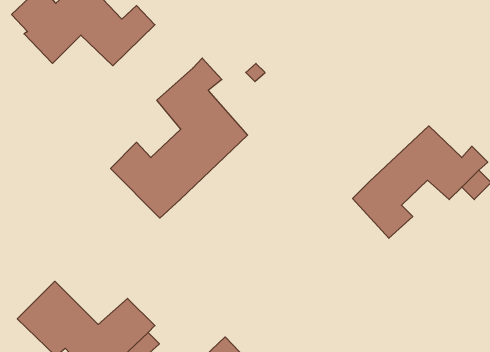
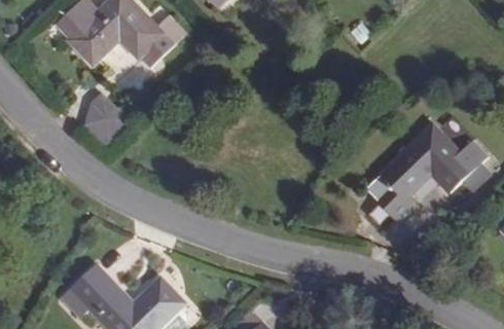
building: [111,58,248,218] -> none
building: none -> [75,94,128,145]

